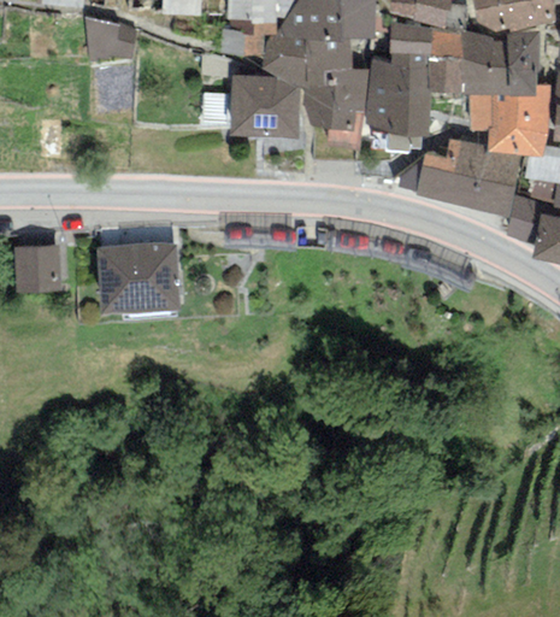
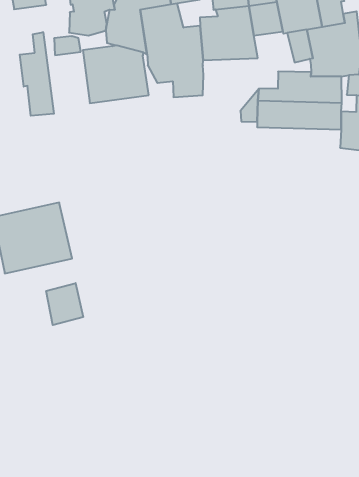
building: none -> [20,32,54,116]
building: [365,108,430,152] -> none
building: none -> [46,283,83,325]

